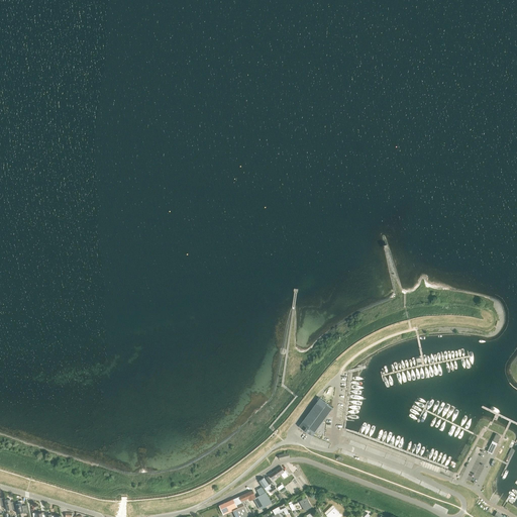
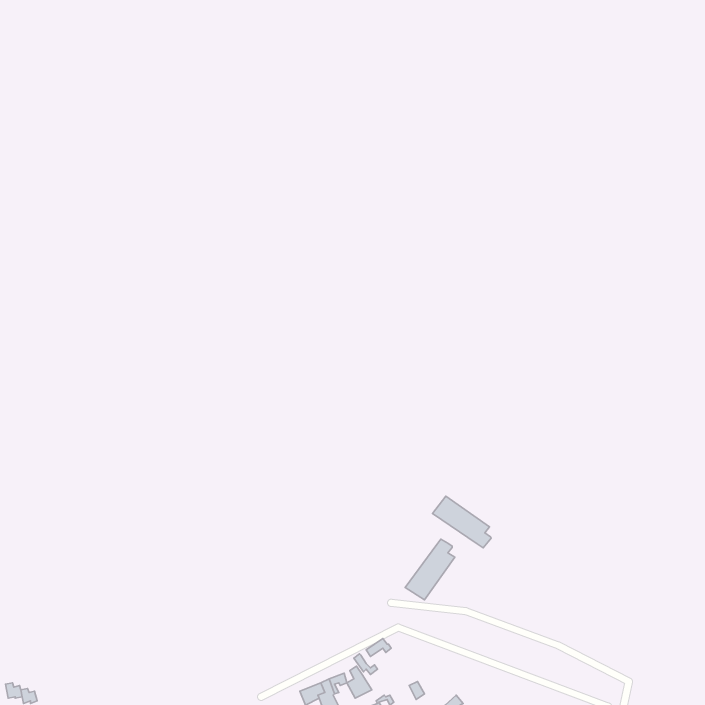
building: none -> [432,496,491,548]

